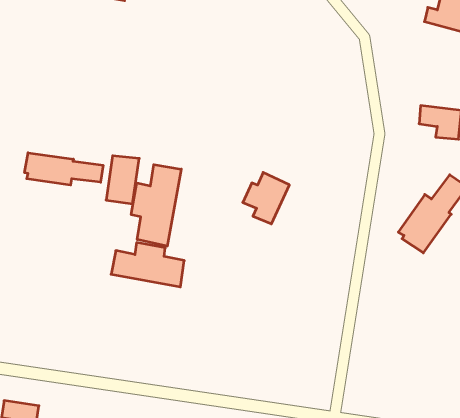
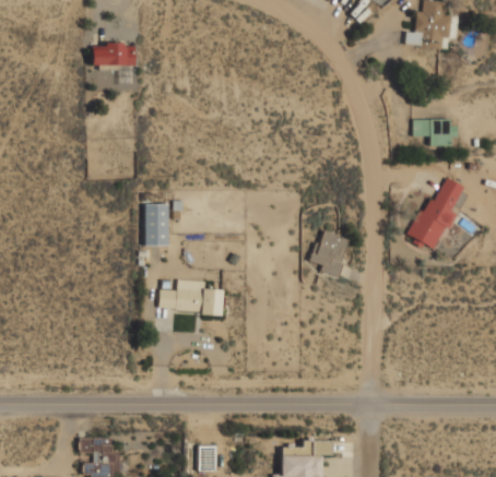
building: [25,153,103,185] -> none
building: [131,165,181,246] -> none
building: [243,172,289,224] -> [309,231,349,276]

